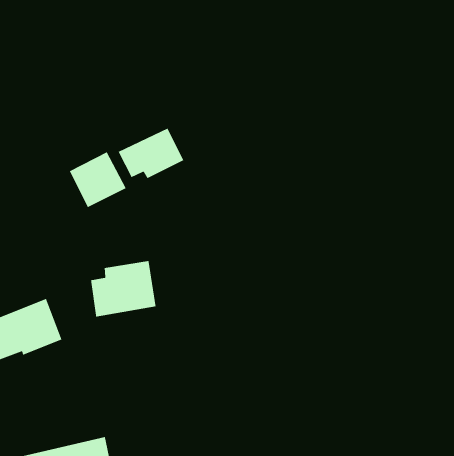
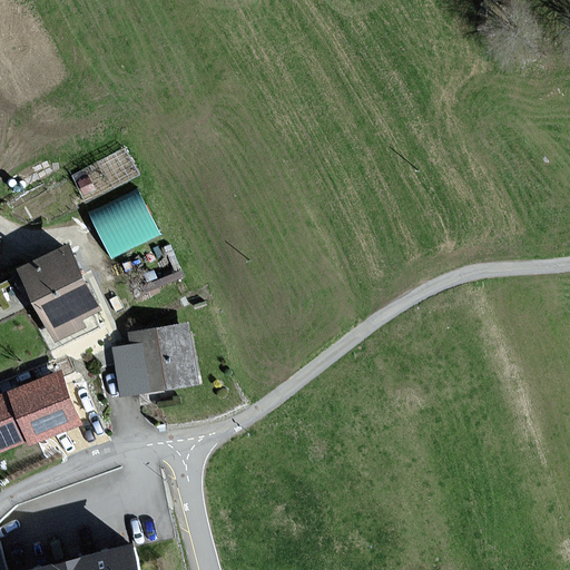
building: [117,127,185,179] -> none
building: none -> [18,245,98,341]

